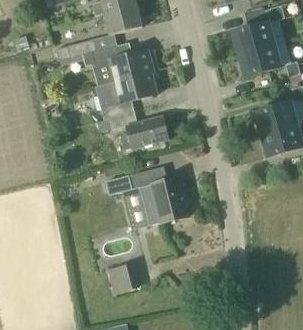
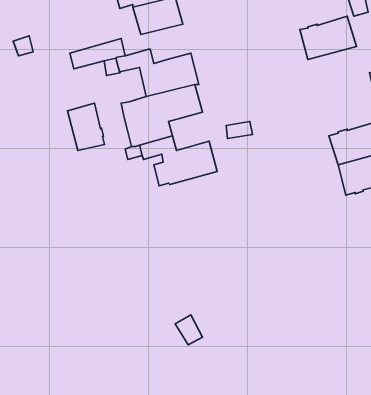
building: [237,44,280,77] -> none
building: none -> [68,103,105,150]
building: [104,166,188,226] -> none
building: [109,264,134,293] -> none

